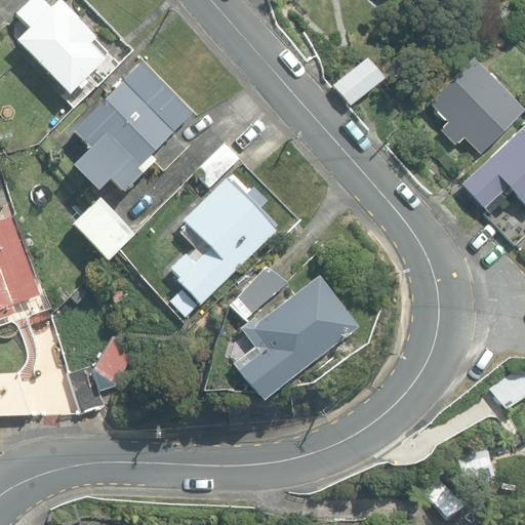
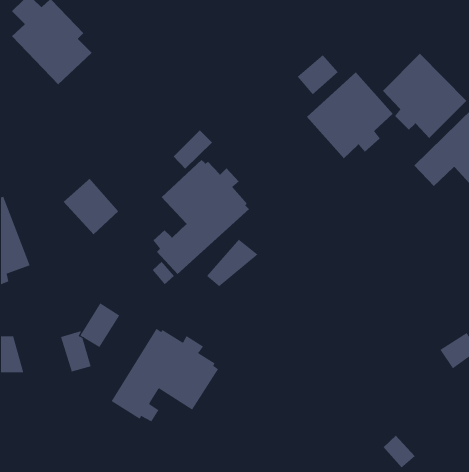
building: [71,60,192,191] -> none
building: none -> [306,72,393,159]
building: [235,275,359,399] -> none
building: none -> [111,328,219,422]

